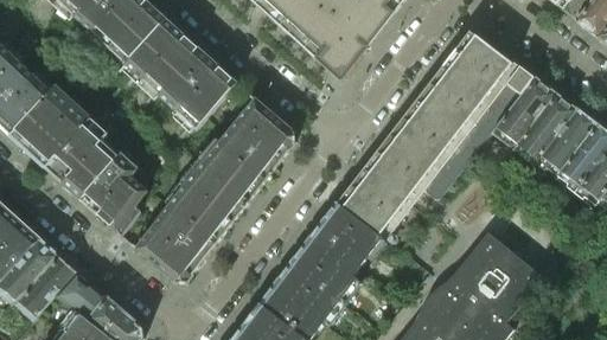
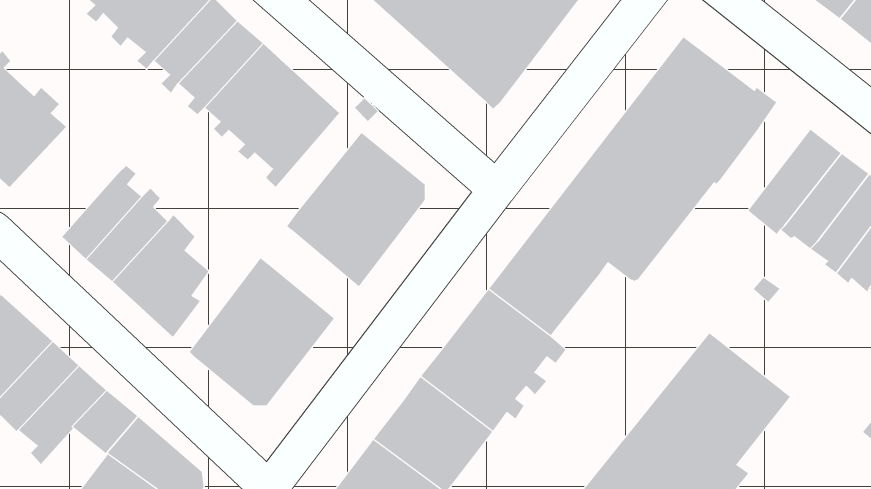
building: [492,73,556,147] -> none
building: [11,84,84,165] -> none
building: [181,158,249,220] -> none

